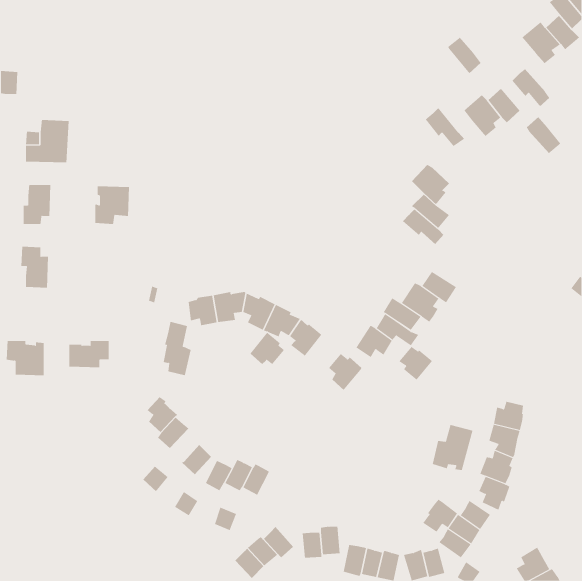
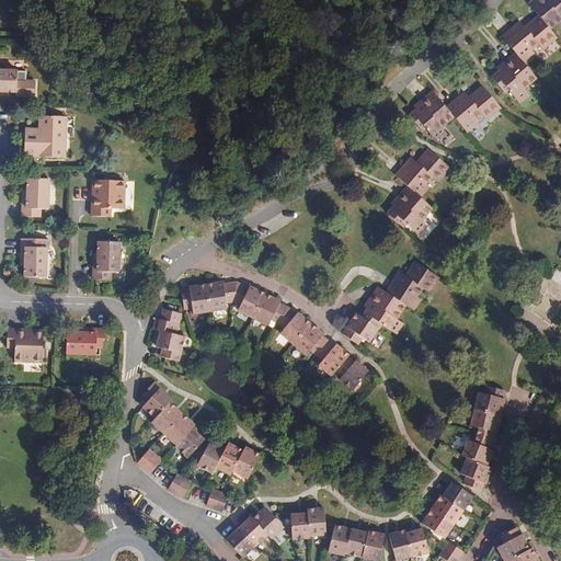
building: [447,37,482,74] -> [421,91,454,127]
building: [526,116,561,154] -> [503,51,537,88]
building: none -> [416,148,450,181]
building: none -> [92,240,119,279]
building: [250,332,285,365] -> [294,322,328,354]
building: [399,346,433,380] -> [335,356,368,389]
building: [432,424,473,471] -> none
building: none -> [163,412,195,444]
building: [423,499,458,532] -> none

